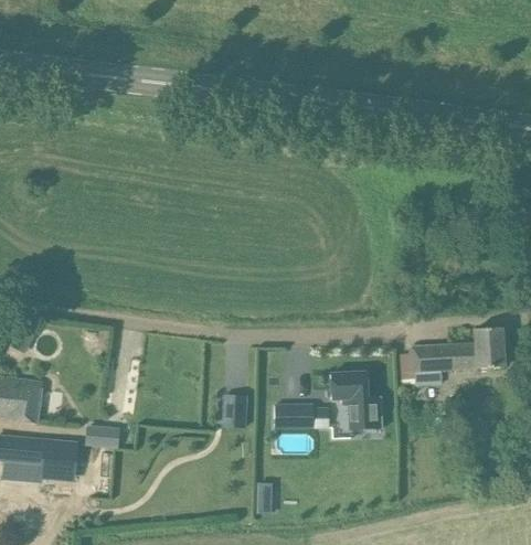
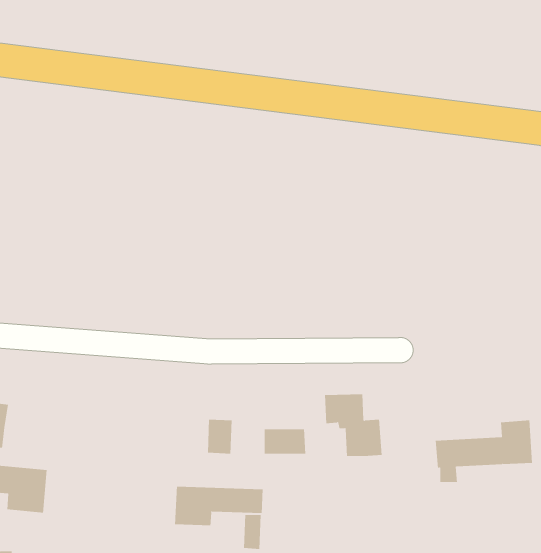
building: [414,327,503,384] -> [435,420,533,483]
building: [86,425,119,447] -> none
building: none -> [175,486,263,526]

